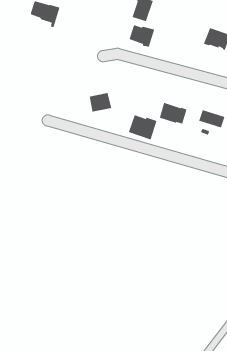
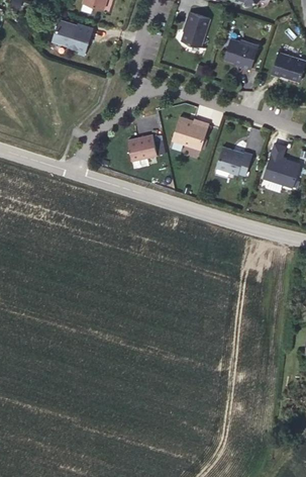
building: [129,24,155,48] -> [223,39,257,69]
building: [128,114,157,141] -> [170,116,207,150]

